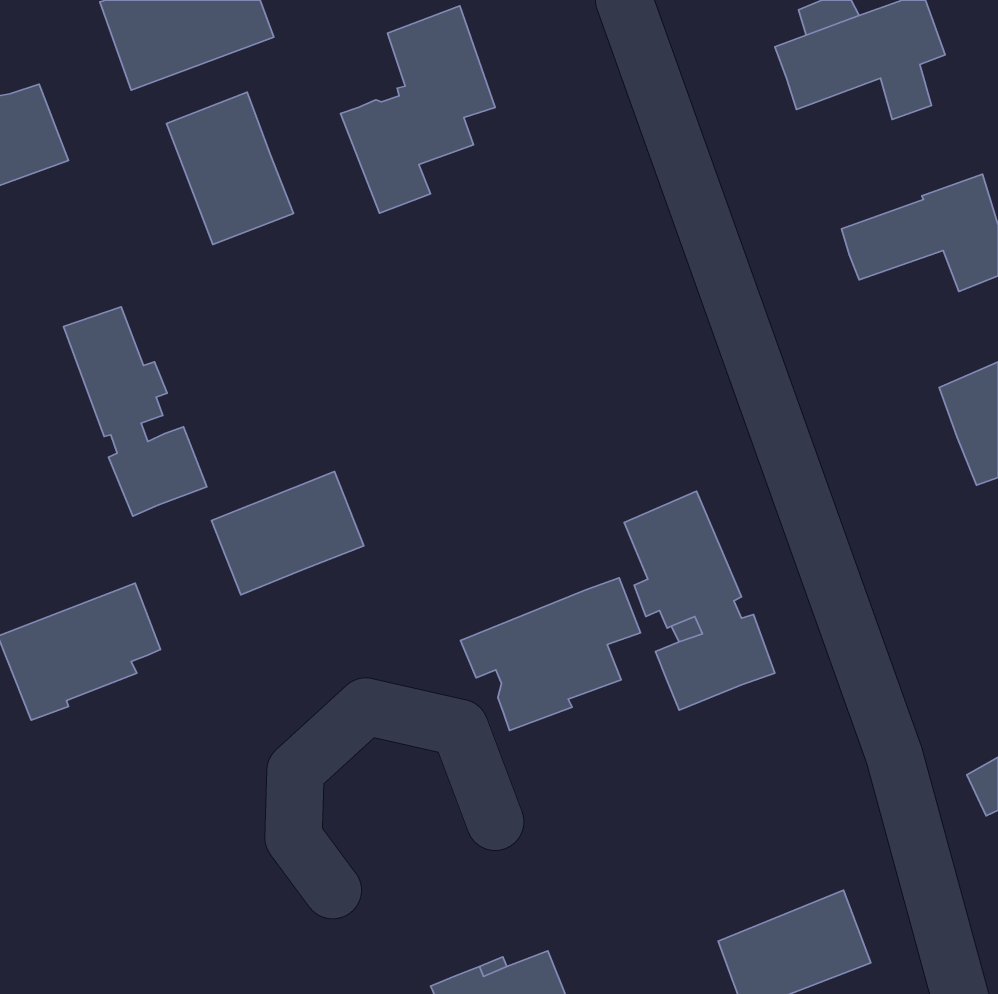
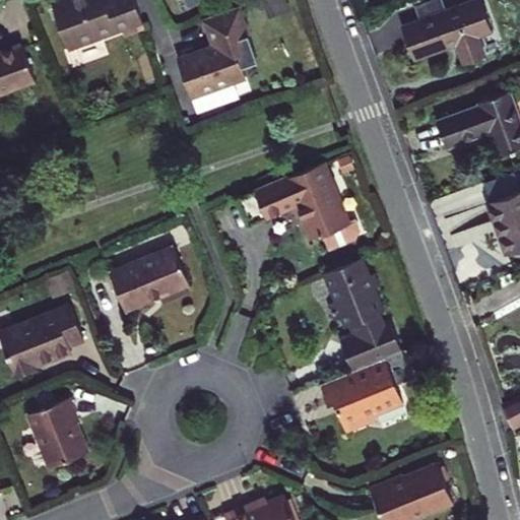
building: [166,92,294,245] -> none
building: [64,307,207,516] -> none
building: none -> [225,164,359,250]
building: [461,578,641,731] -> [320,352,413,432]
building: none -> [27,399,88,469]

